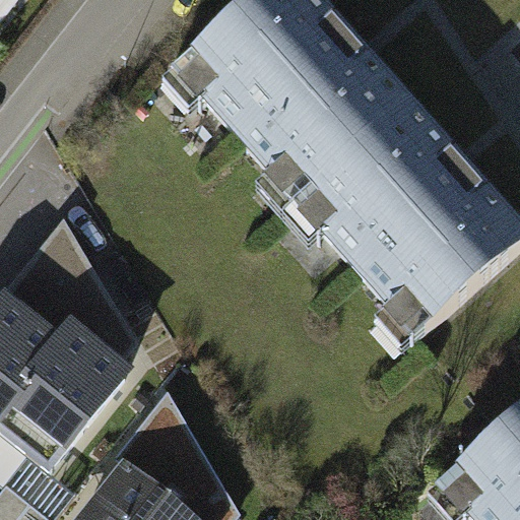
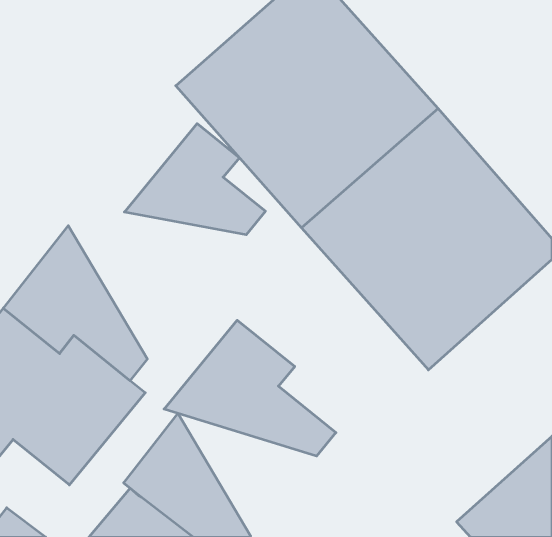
building: none -> [124,124,265,235]
building: none -> [164,320,336,456]

